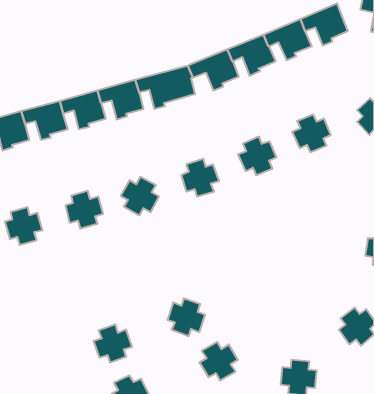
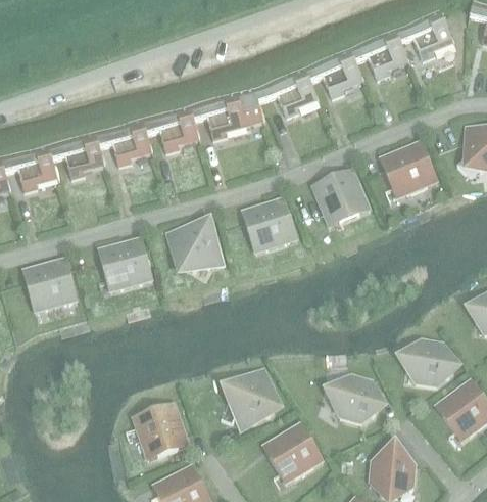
building: none -> [406,341,451,387]
building: none -> [332,377,379,424]

